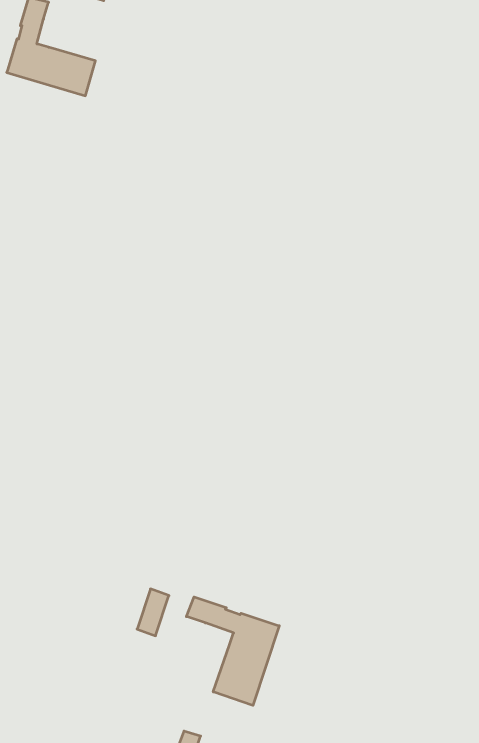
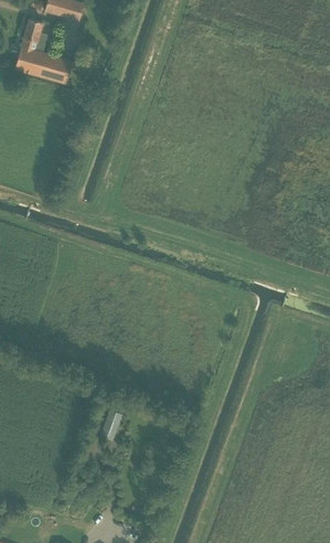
building: [186,597,279,705] -> none

